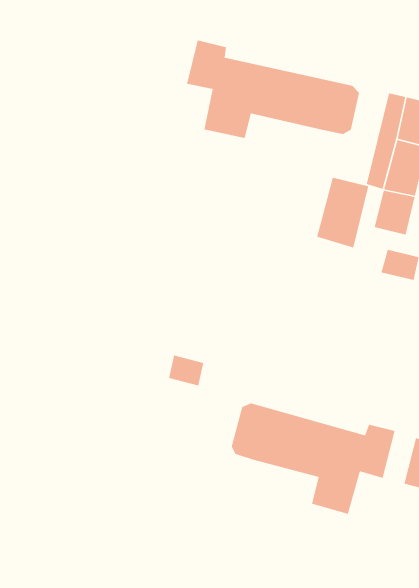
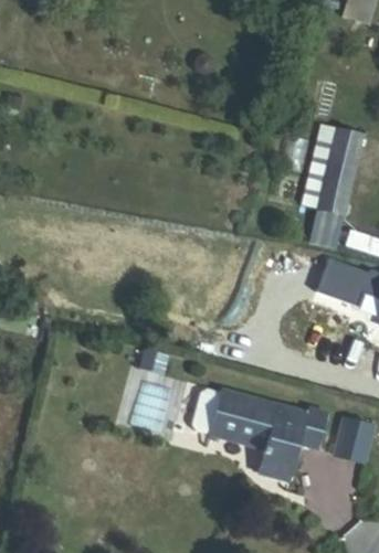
building: [186,39,360,139] -> none
building: [316,177,369,249] -> none

